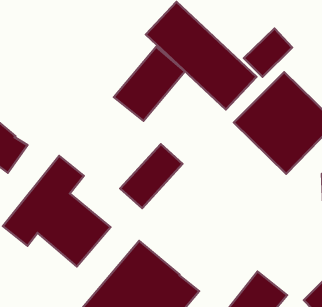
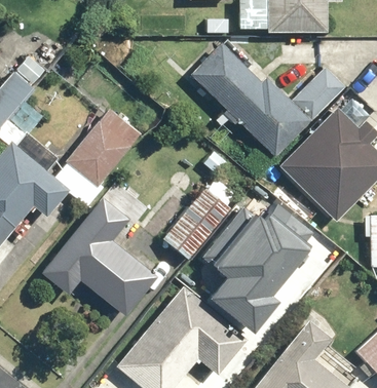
building: [114,47,185,121] -> [67,108,141,185]
building: none -> [214,203,324,334]

